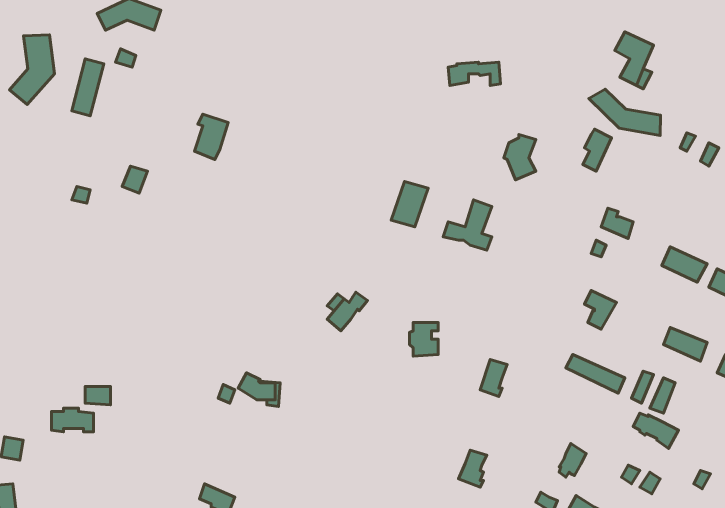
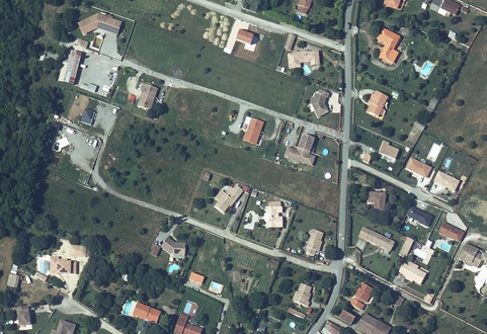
building: [10,35,55,104] -> none
building: [589,89,661,136] -> none

